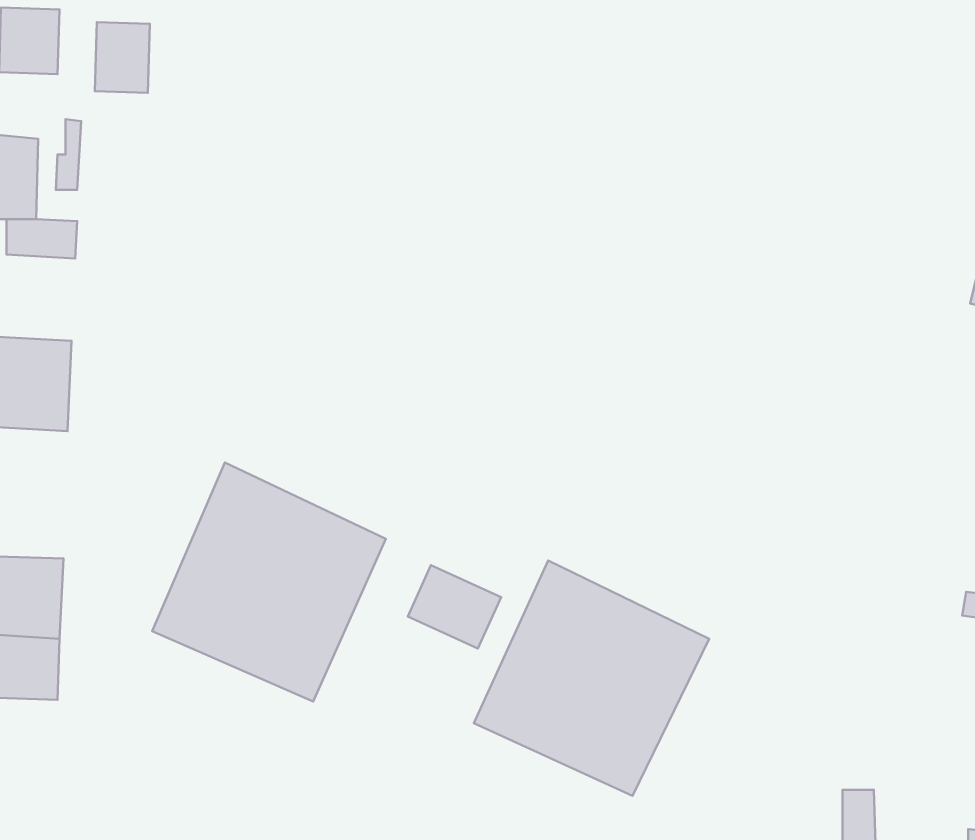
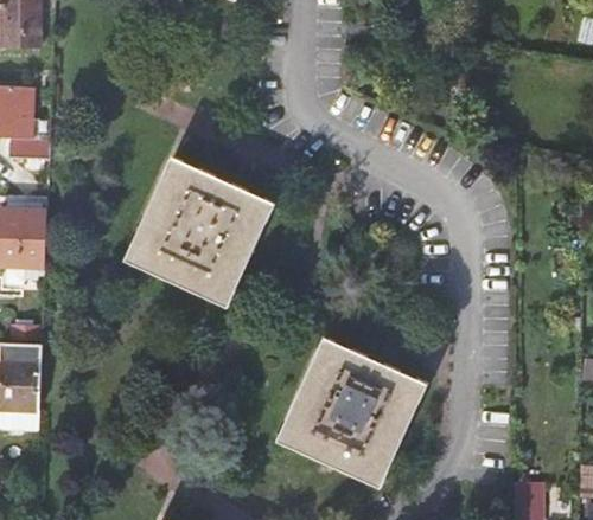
building: [95,22,150,93] -> none
building: [152,462,386,702] -> [129,159,270,303]
building: [408,565,501,648] -> none

